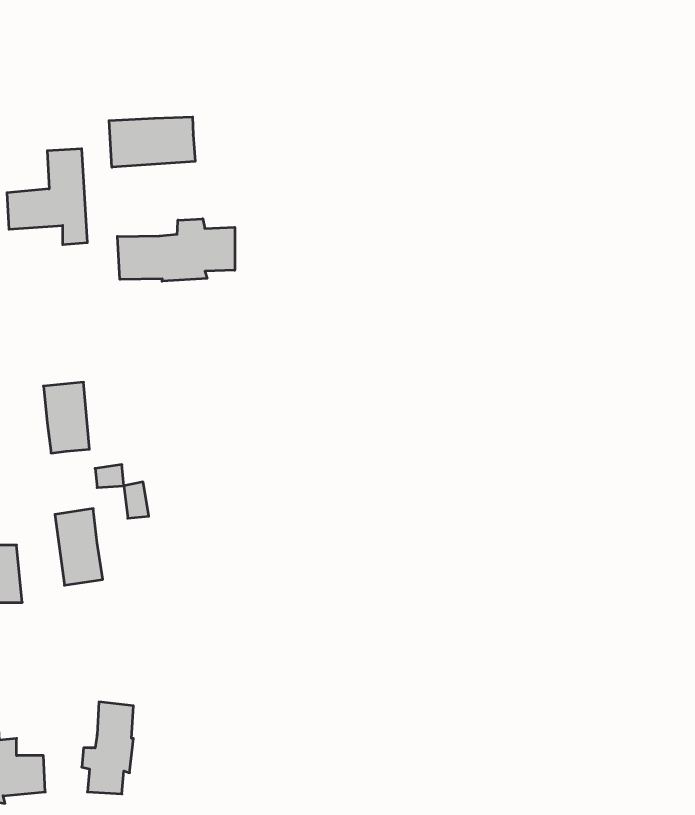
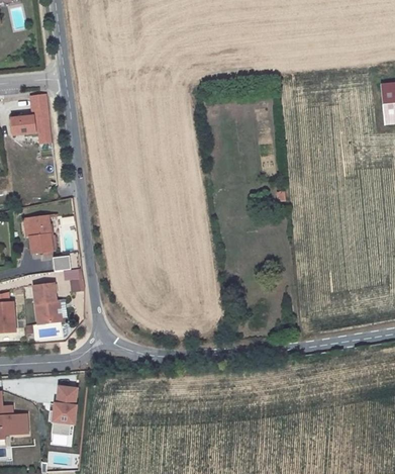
building: [109,117,195,167] -> none
building: [117,219,235,281] -> none

